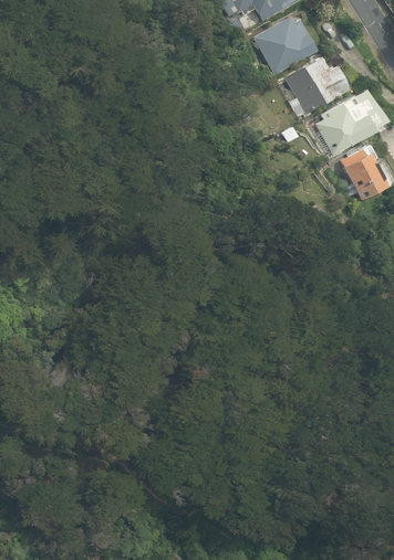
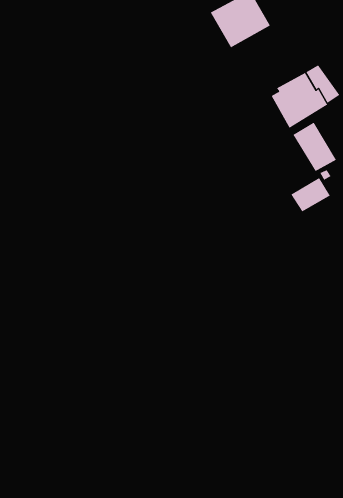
building: [284,55,348,113] -> none
building: none -> [290,177,331,212]

